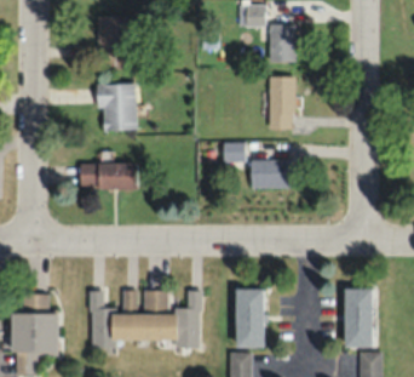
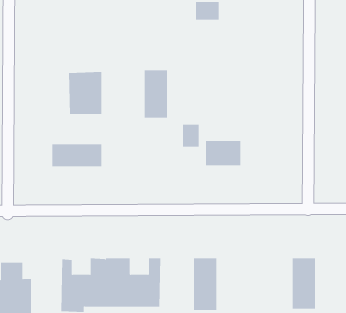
building: [98,16,125,50] -> none
building: [270,24,297,62] -> none
building: [270,76,297,130] -> [144,70,168,118]

